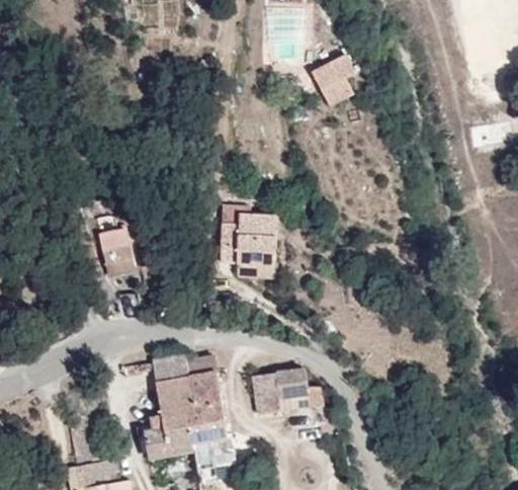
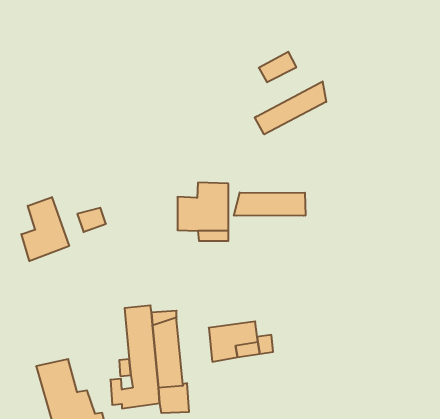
building: none -> [255,81,326,134]
building: none -> [234,192,305,216]
building: none -> [21,197,69,261]

